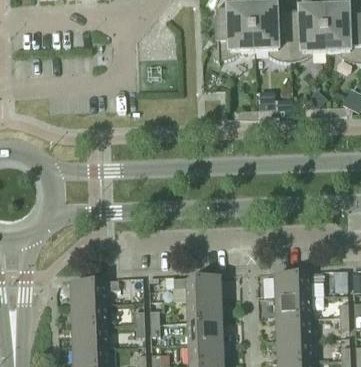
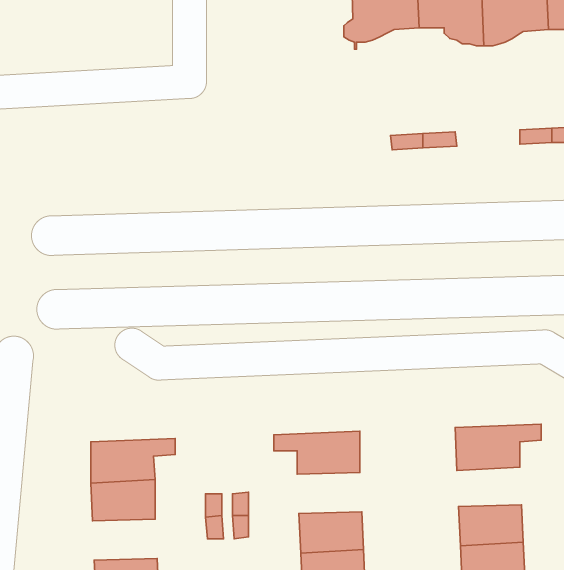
building: [275,293,311,315] -> none
building: [186,296,222,319] -> none
building: [72,322,108,345] -> none

